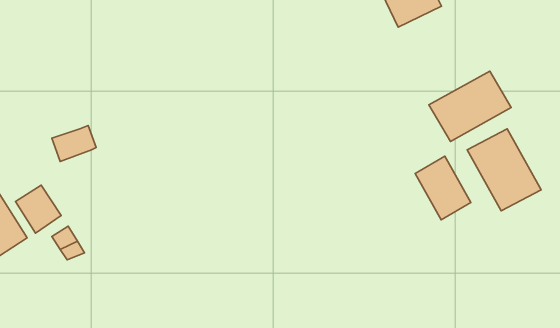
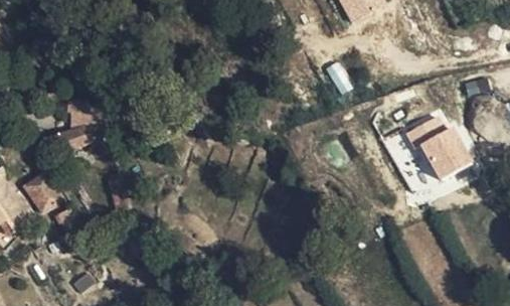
building: [429,71,511,141] -> none
building: [415,156,471,220] -> none

